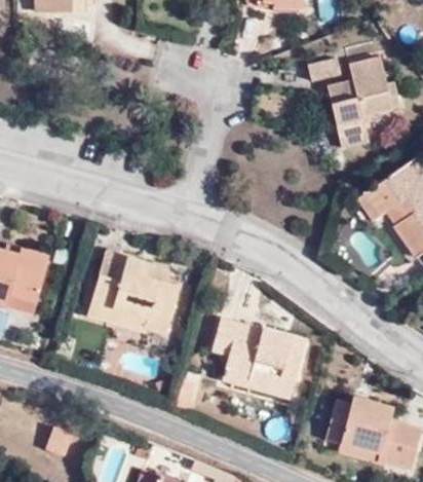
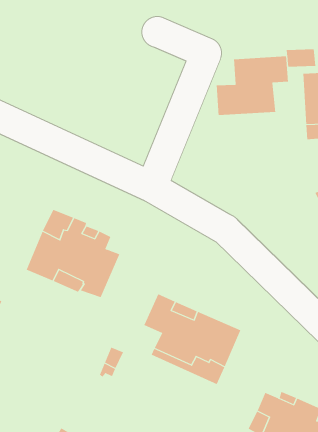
building: none -> [216,56,288,116]

